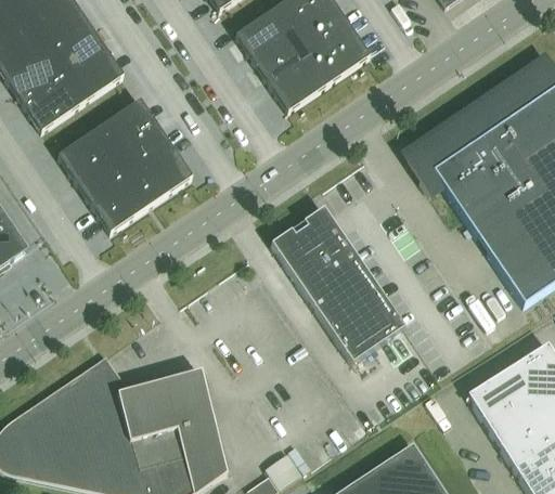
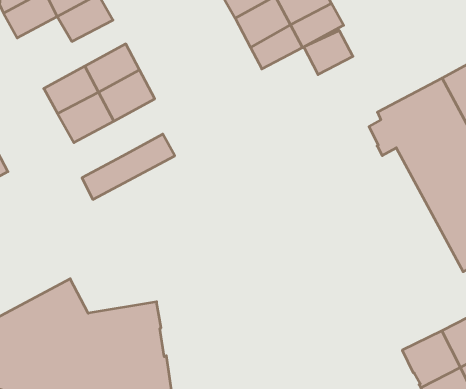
building: none -> [304,30,353,75]
building: [24,76,82,129] -> none
building: [95,153,192,230] -> [82,134,175,199]
building: [271,206,404,361] -> none

